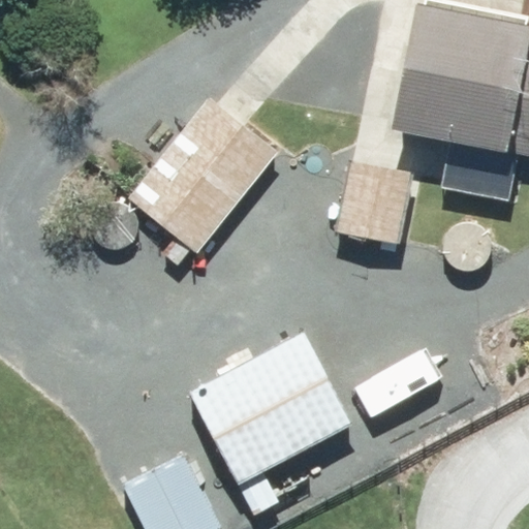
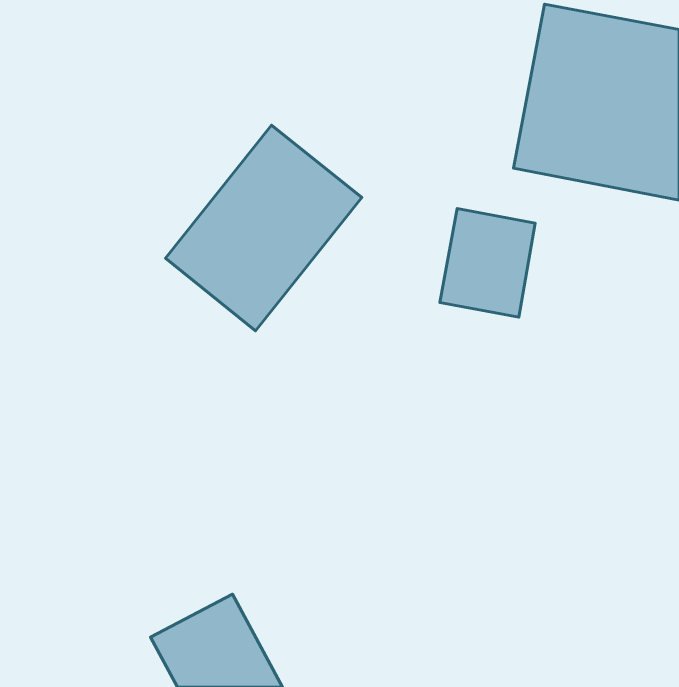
building: [190,331,353,519] -> none

